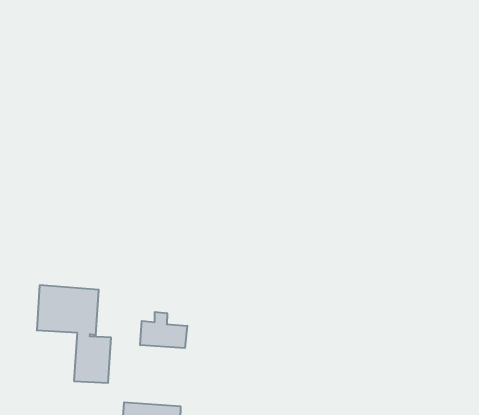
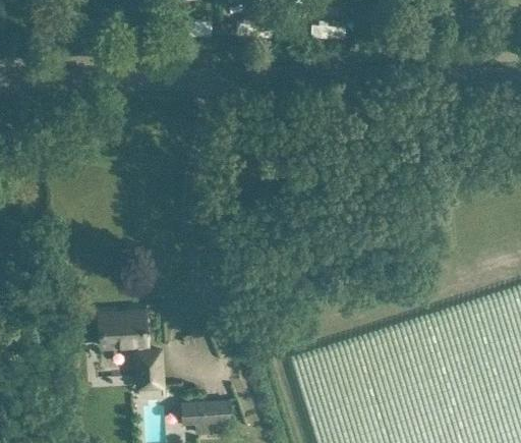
building: [140,312,187,348] -> none

